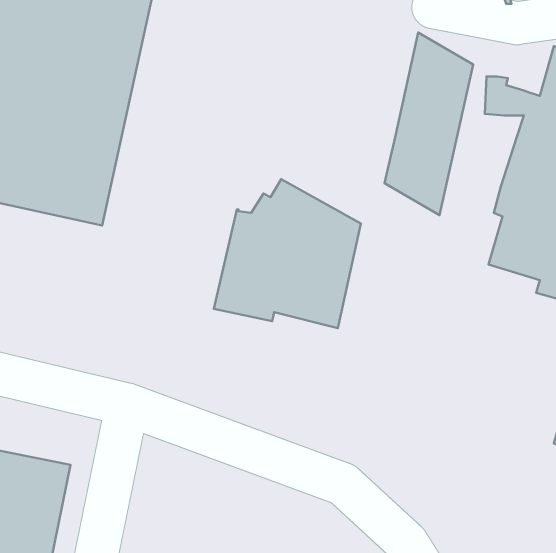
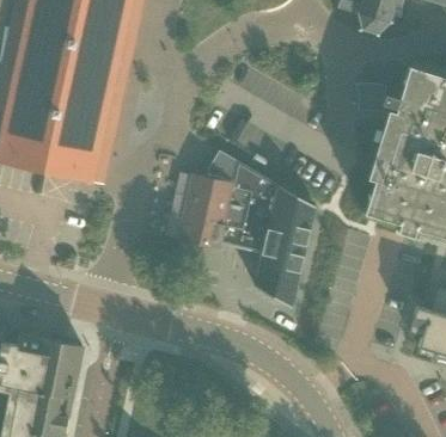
building: [385,32,473,215] -> [257,184,317,307]

